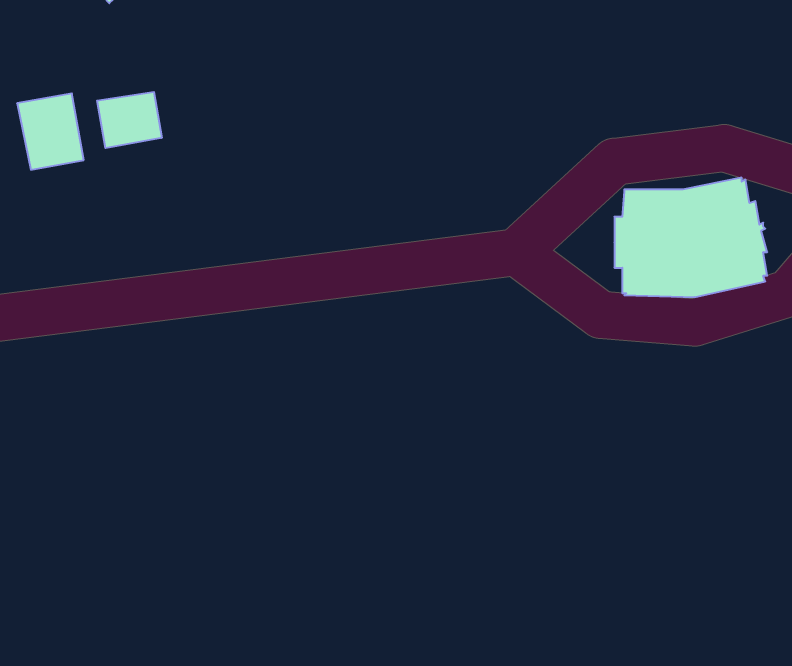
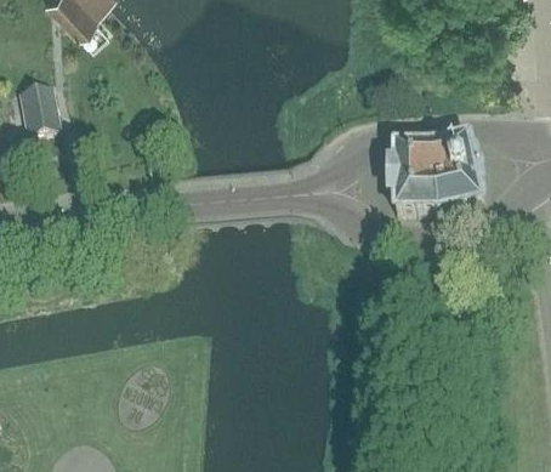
building: [97,92,162,148] -> none

